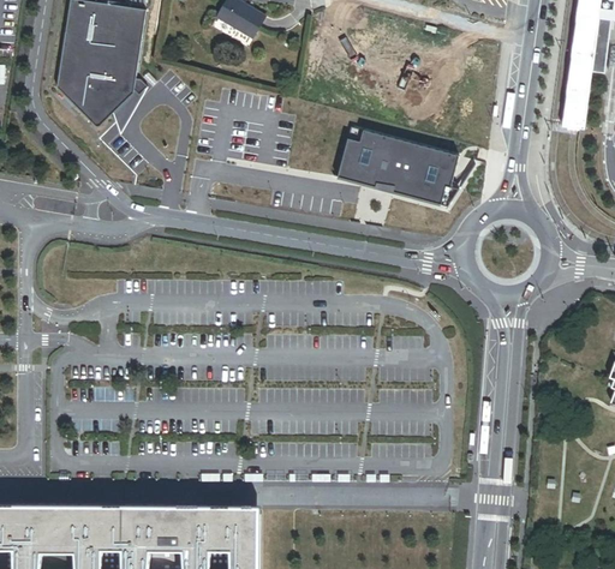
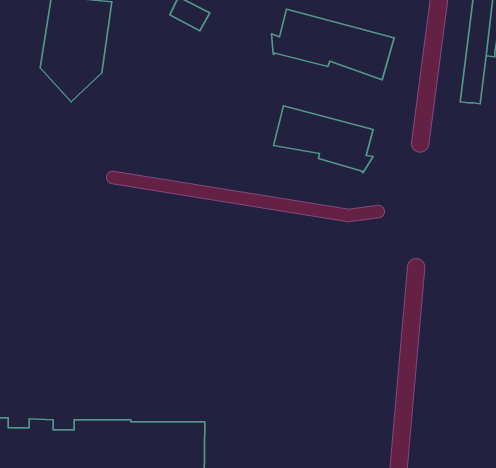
building: none -> [272,9,394,80]

